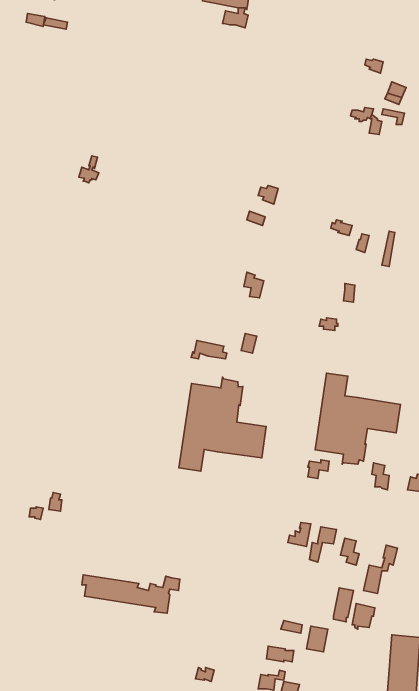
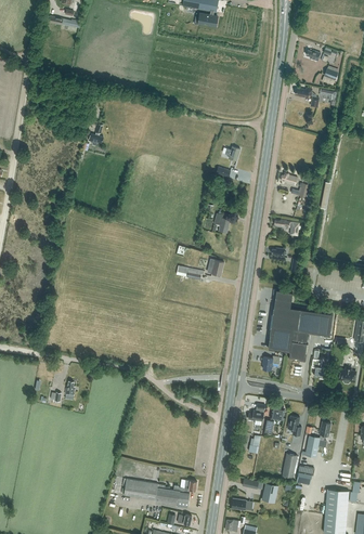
building: [179,377,266,471] -> none
building: [82,575,180,613] -> [122,479,197,508]

